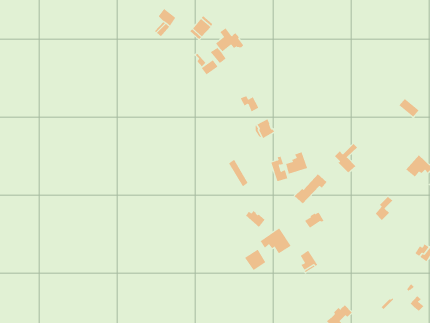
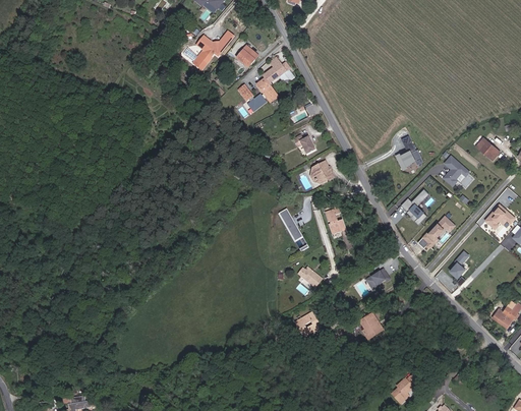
building: none -> [394,135,422,170]
building: none -> [441,154,470,187]
building: [286,152,308,175] -> none
building: [294,173,327,204] -> [416,215,455,250]
building: [260,227,292,254] -> none

